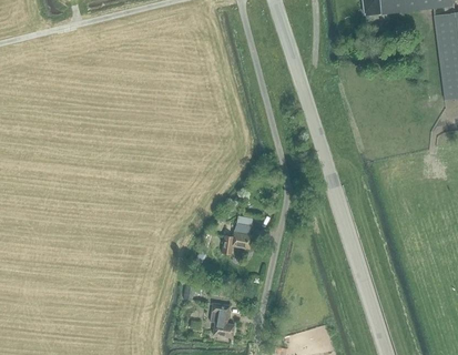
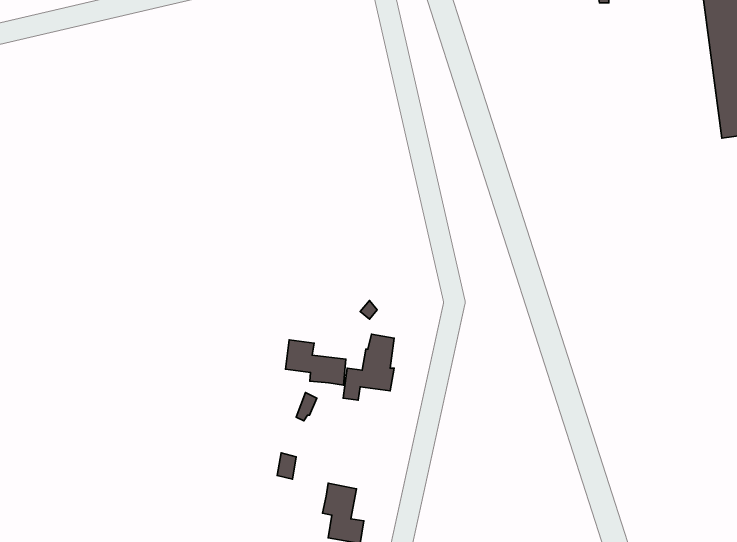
building: none -> [285,340,346,385]

